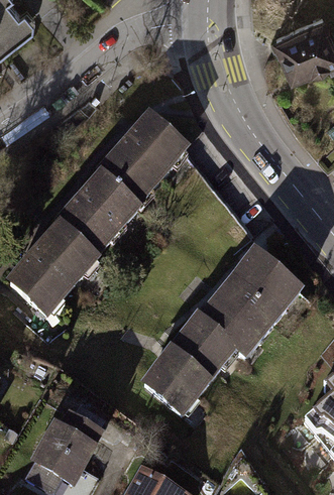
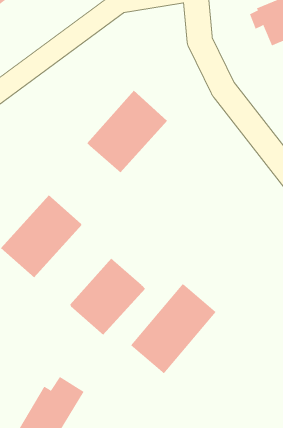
building: [60,175,139,256] -> [69,258,146,335]
building: [201,254,299,355] -> none

